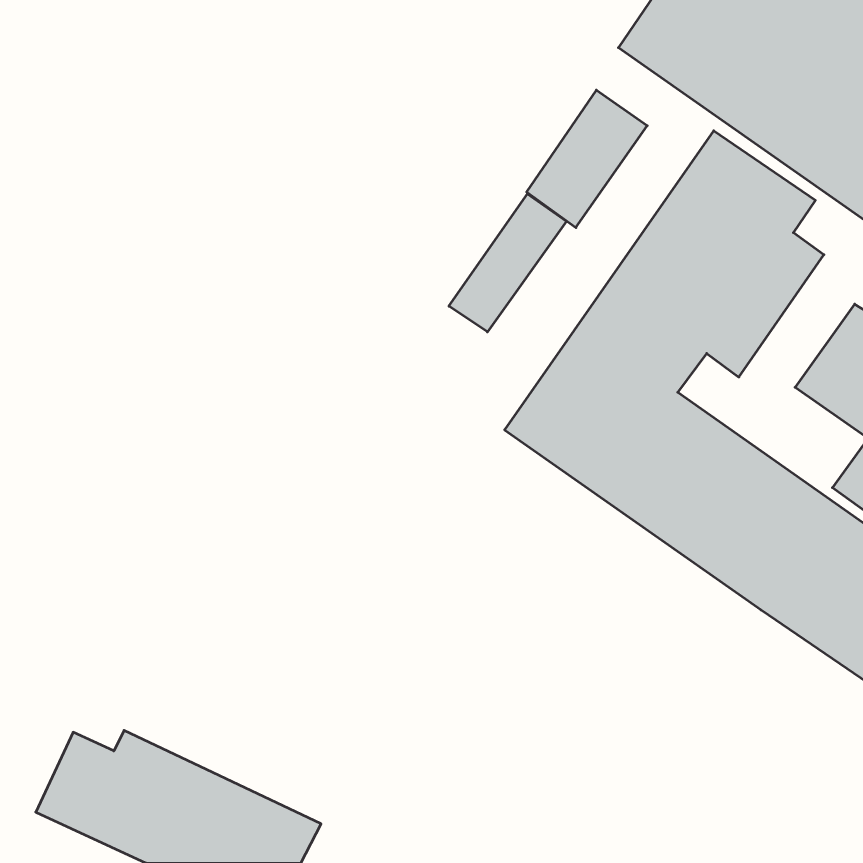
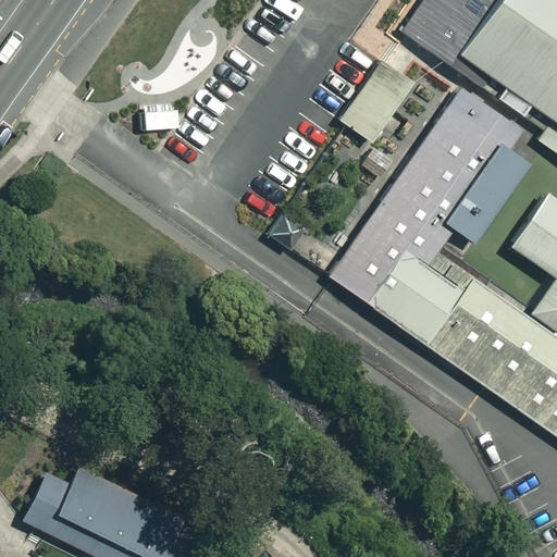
building: [449,194,566,332] -> none

